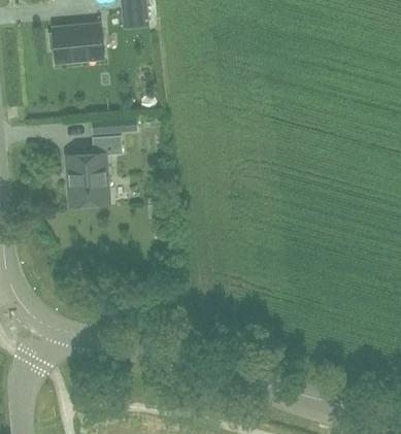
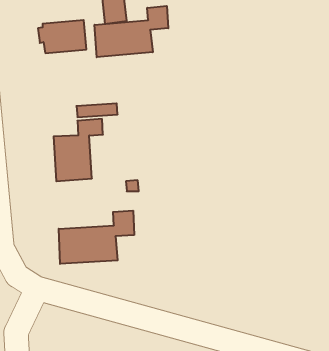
building: none -> [95,6,168,57]
building: none -> [59,211,134,264]

